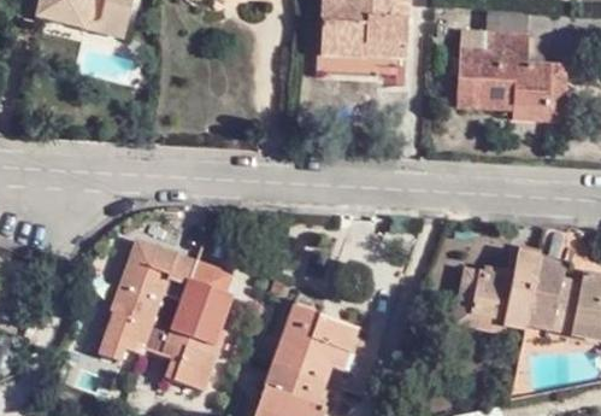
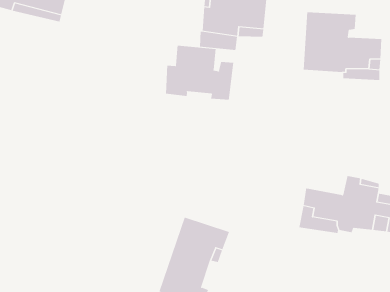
building: none -> [165,45,234,100]
building: [99,240,234,389] -> none

